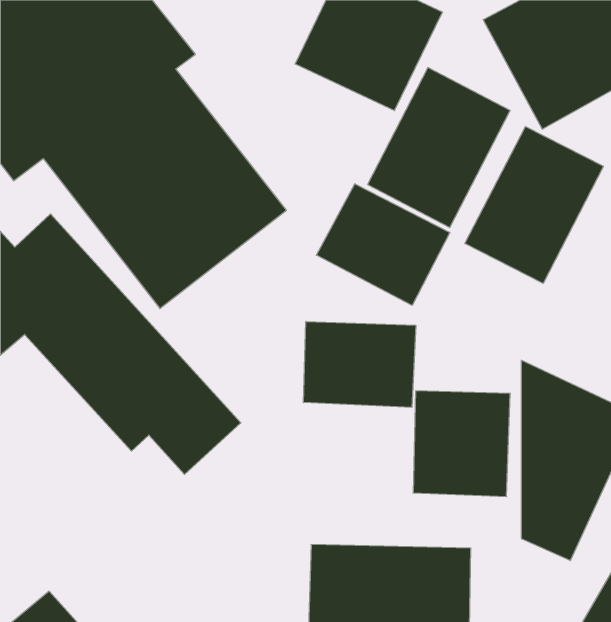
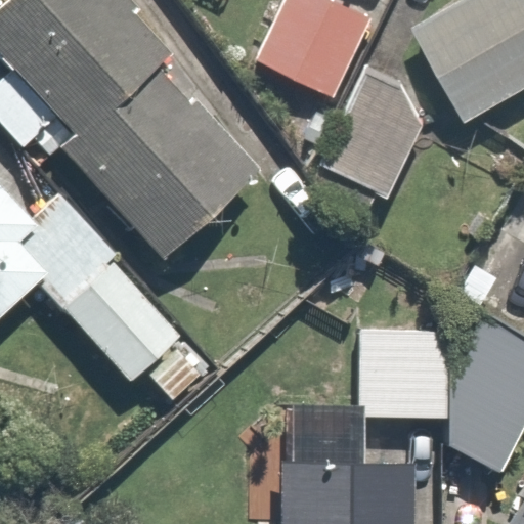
building: [465,127,603,283] -> none
building: [316,184,450,305] -> none
building: [303,321,416,407] -> none

